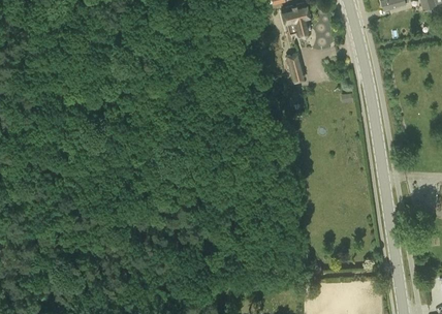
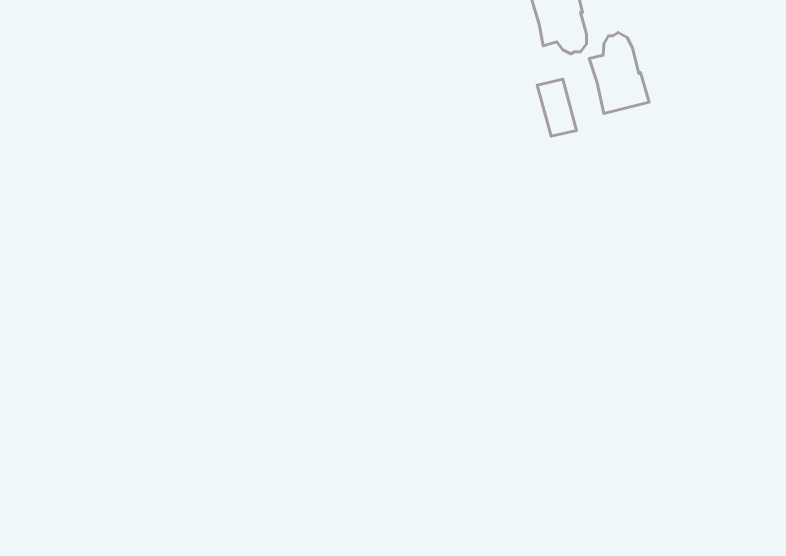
building: none -> [589,33,649,114]

